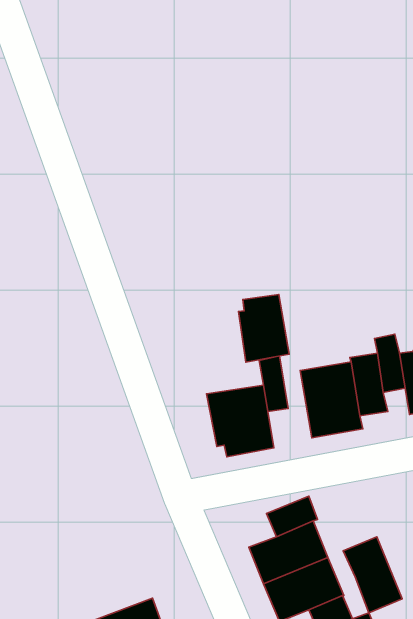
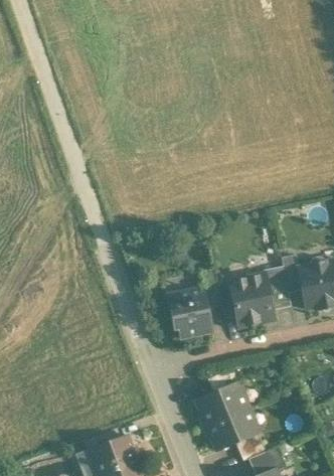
building: [238,294,289,362] -> none
building: [343,537,402,613] -> none

